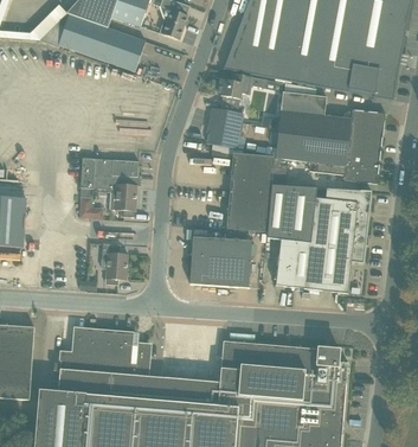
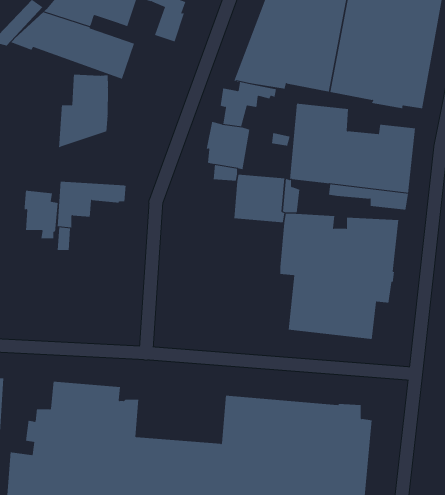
building: none -> [59,74,108,148]
building: [108,174,137,216] -> [24,190,58,239]
building: [226,190,272,231] -> none
building: [187,236,252,287] -> none
building: [102,242,128,285] -> none

